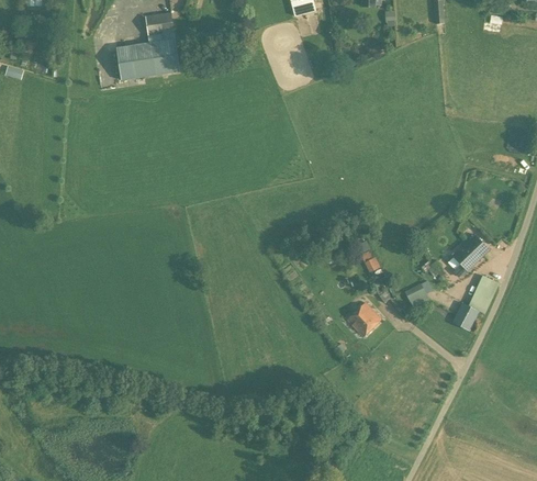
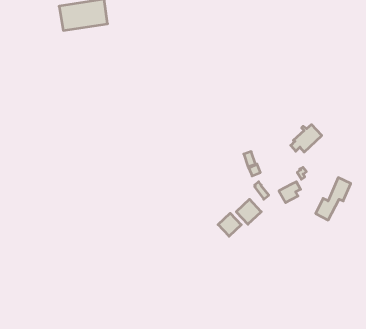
building: [449,235,490,271] -> [291,125,322,152]
building: none -> [218,213,241,236]

